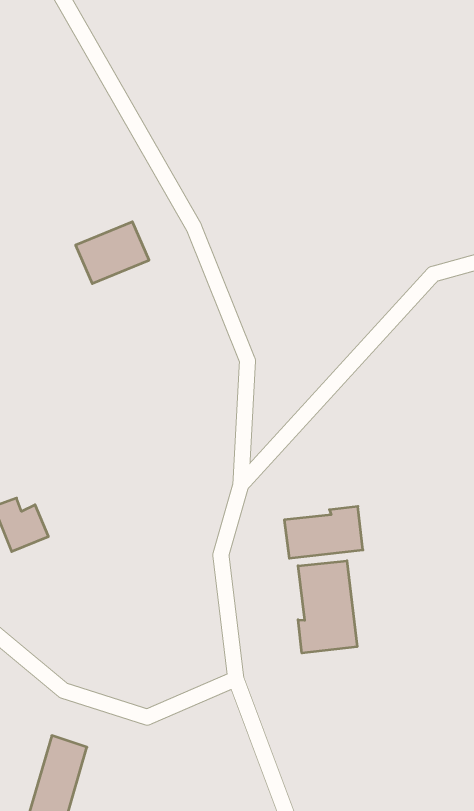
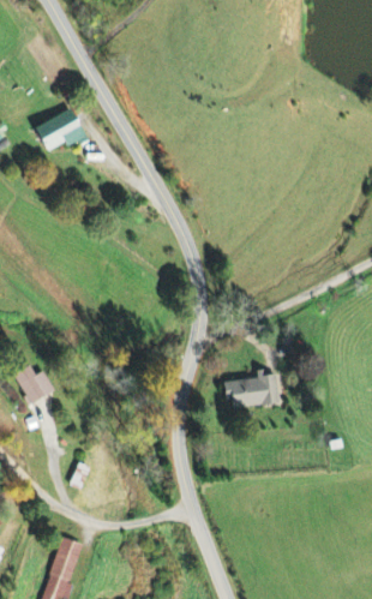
building: [76,222,149,284] -> [34,109,86,154]
building: [298,561,357,653] -> none

